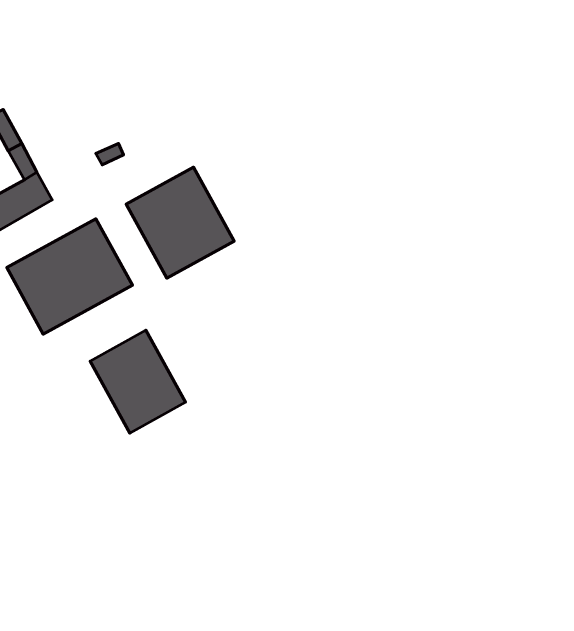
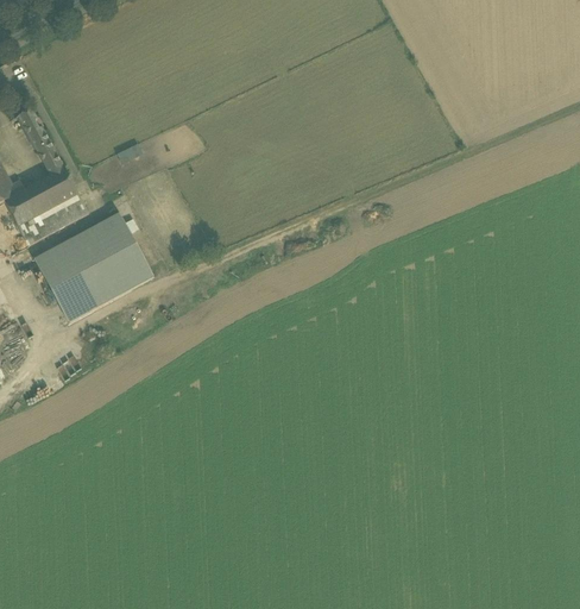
building: [126,167,234,278] -> none
building: [90,330,186,433] -> none

